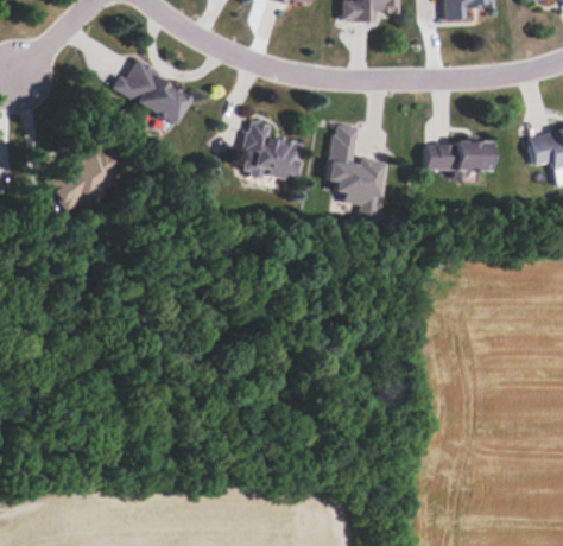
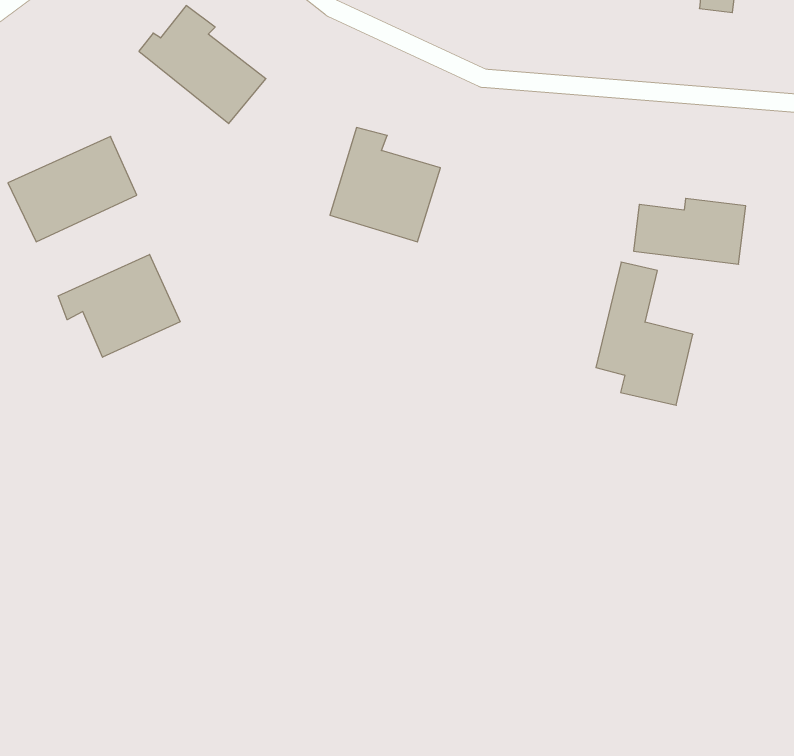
building: [325,125,381,207] -> [596,262,693,405]
building: none -> [58,254,180,357]

